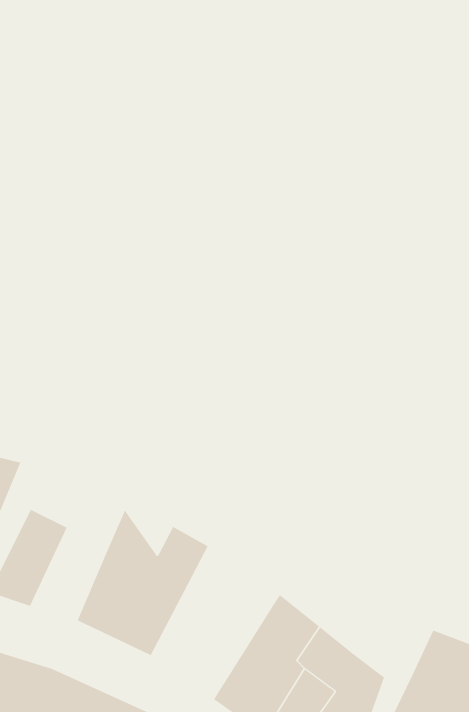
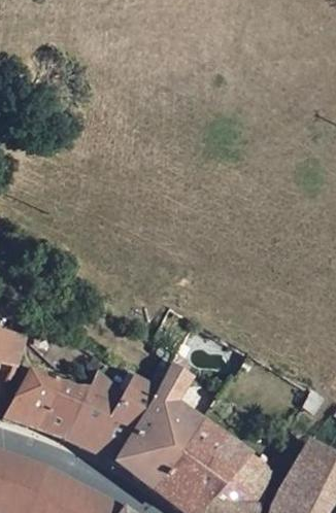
building: none -> [120,365,199,491]
building: none -> [39,377,91,439]

